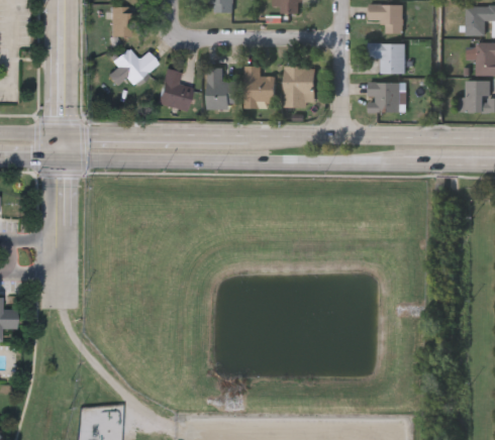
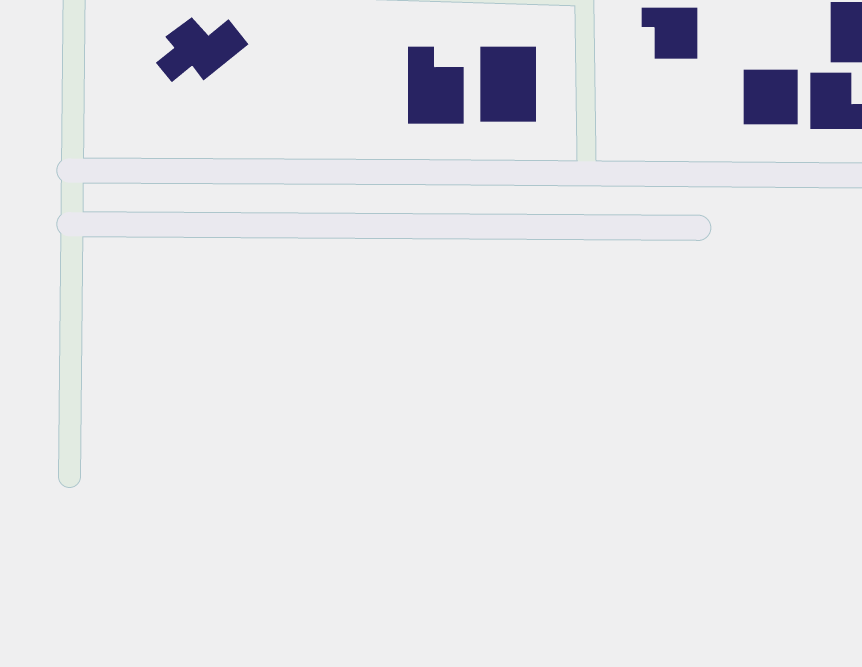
building: [208,69,238,109] -> none
building: [158,70,193,111] -> none
building: [369,83,399,113] -> [743,69,798,125]

